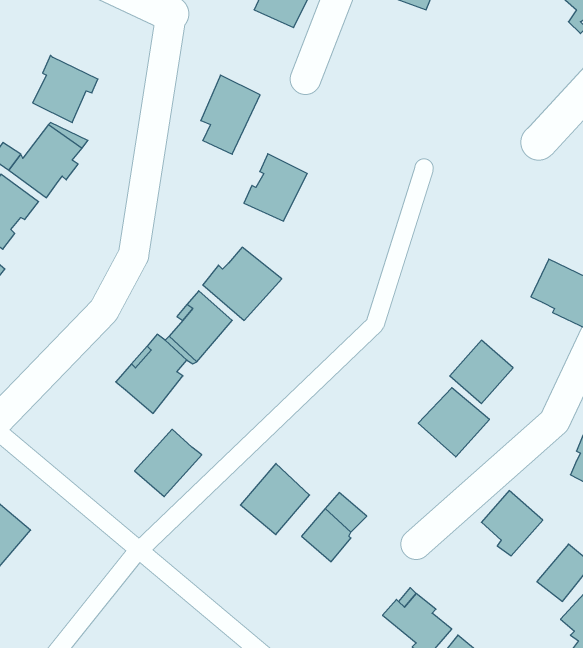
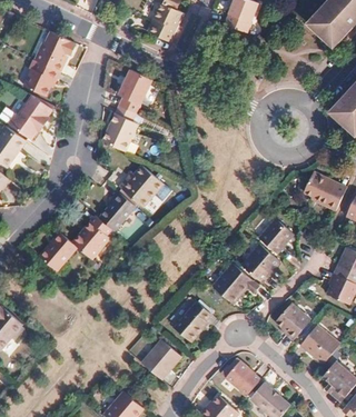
building: none -> [34,32,76,71]
building: [244,154,307,221] -> [102,113,138,151]
building: none -> [212,264,259,305]
building: [135,429,202,497] -> [38,231,76,269]
building: [240,463,310,535] -> [140,339,179,379]

